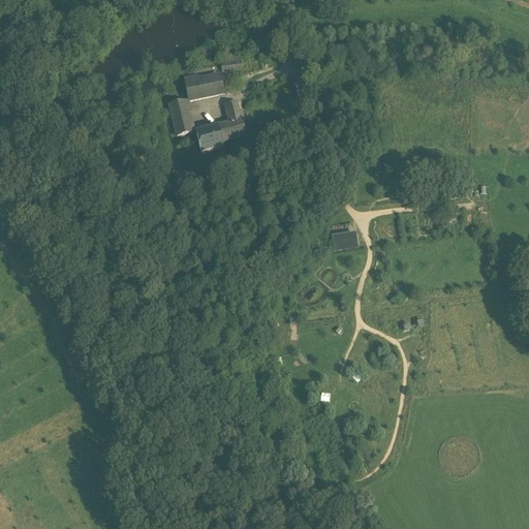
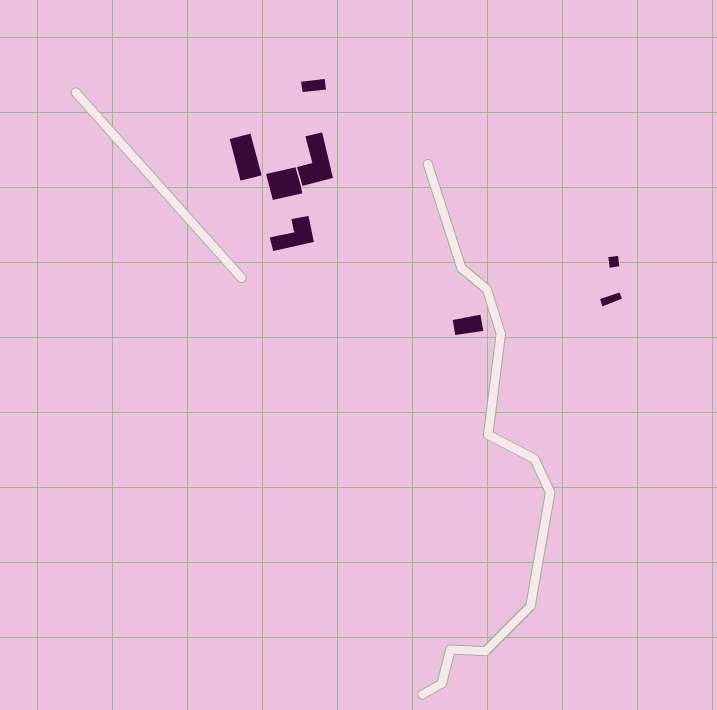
building: [185,72,223,97] -> none
building: none -> [269,215,315,252]

